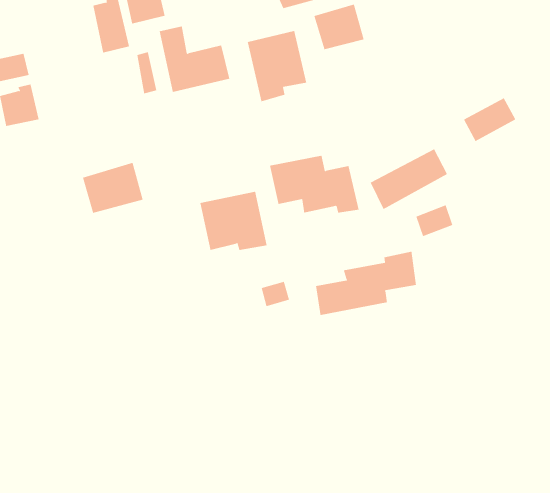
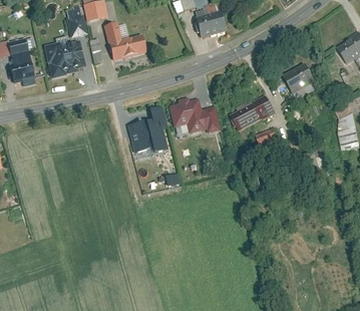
building: [247,30,307,102] -> none
building: [82,162,143,213] -> [48,42,84,72]
building: [316,251,416,316] -> none

